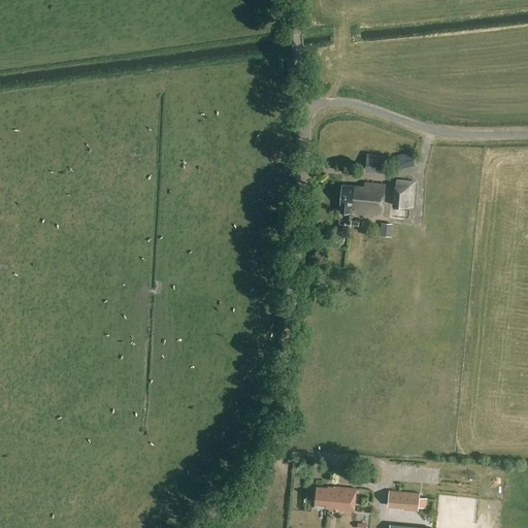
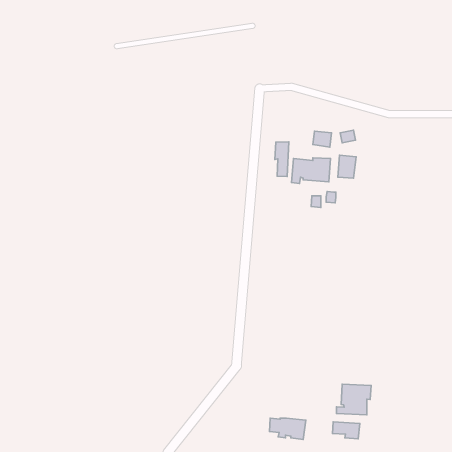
building: none -> [275,142,289,176]
building: none -> [336,384,371,415]

